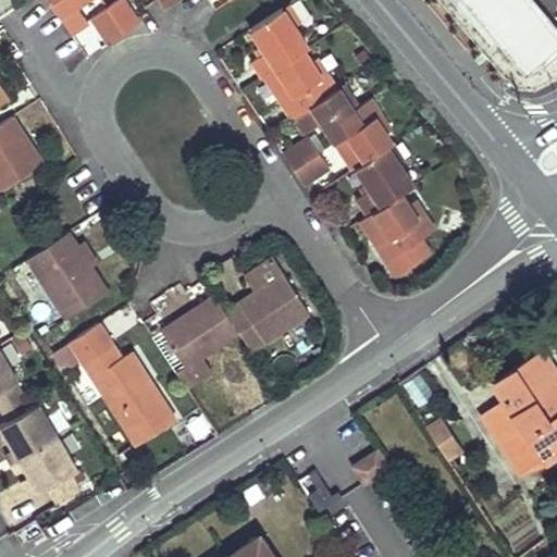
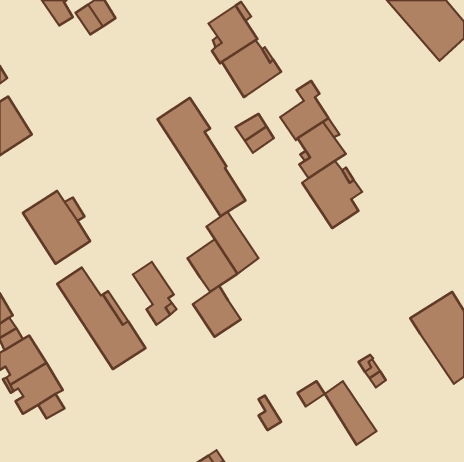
building: [295,88,363,144] -> none
building: none -> [157,98,245,216]
building: [182,295,239,356] -> [193,286,241,337]
building: [481,403,543,479] -> [325,381,377,445]

